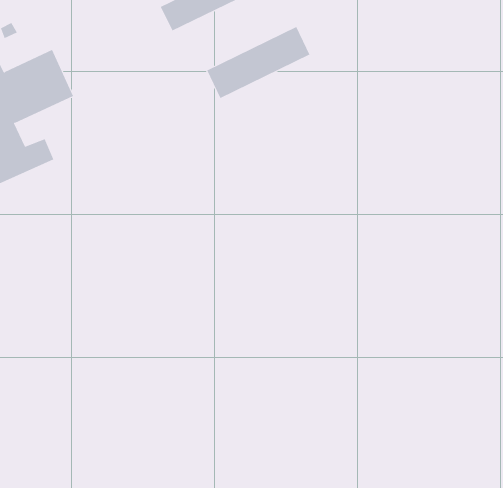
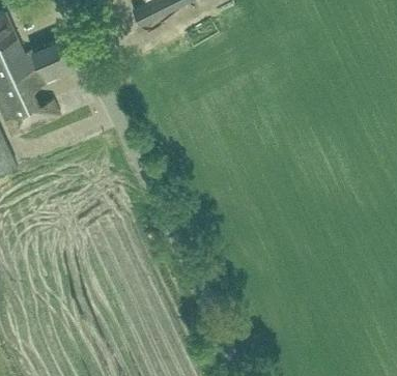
building: [207,26,310,99] -> none

